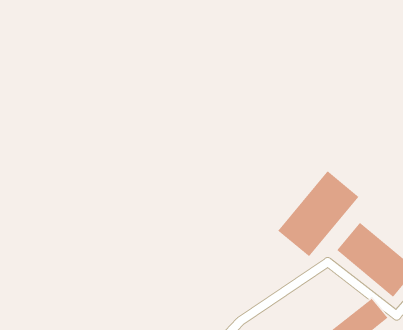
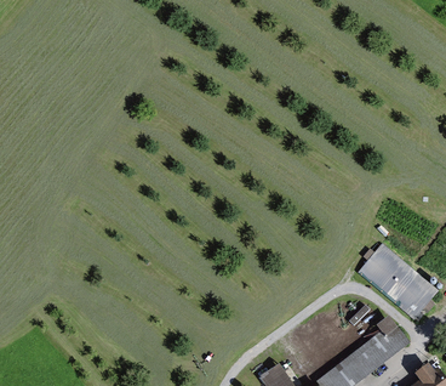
building: [277,170,359,257] -> none

